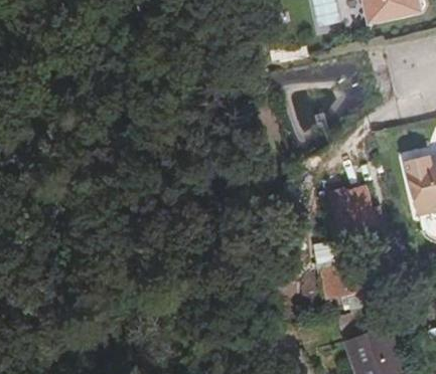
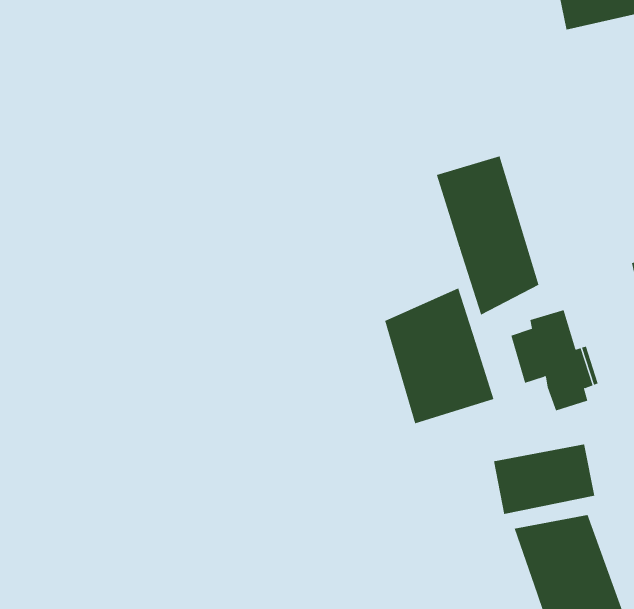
building: none -> [436,155,539,315]
building: none -> [384,288,494,424]

